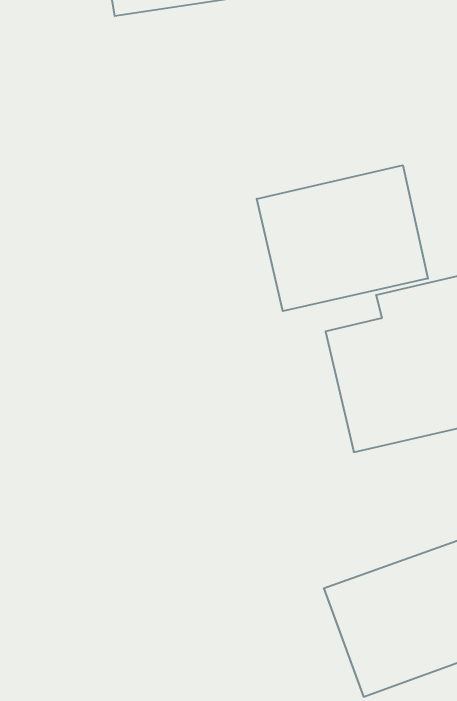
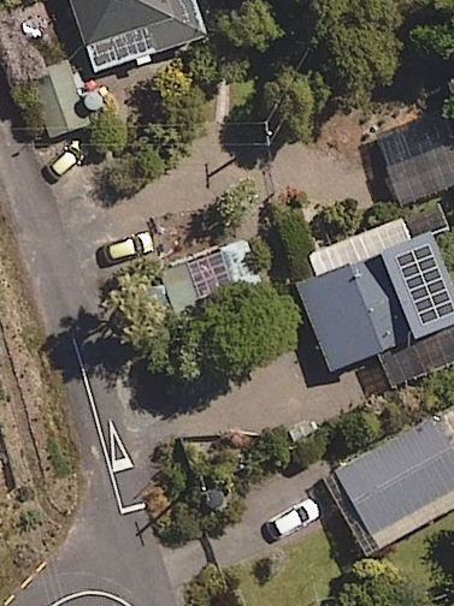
building: [257,165,428,311] -> none

